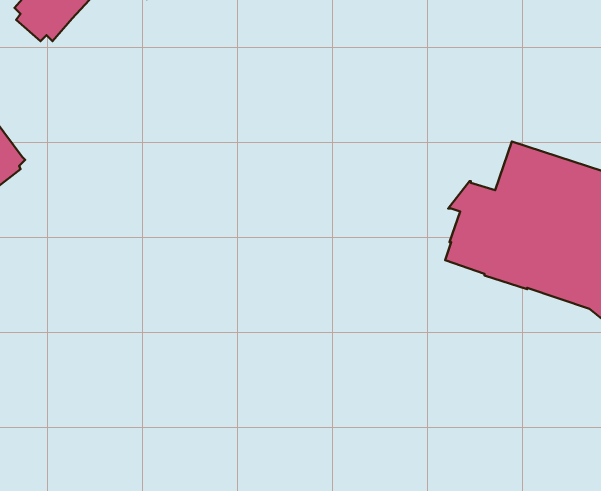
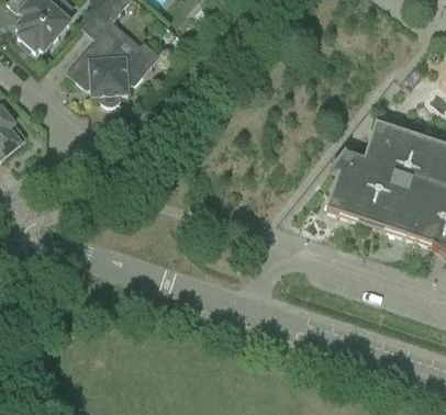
building: none -> [67,24,156,102]

